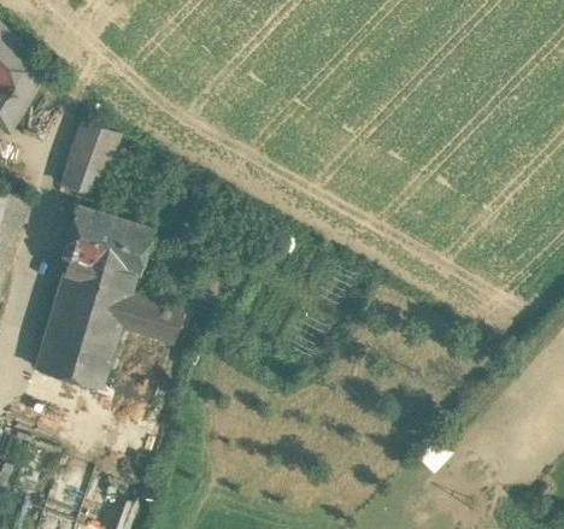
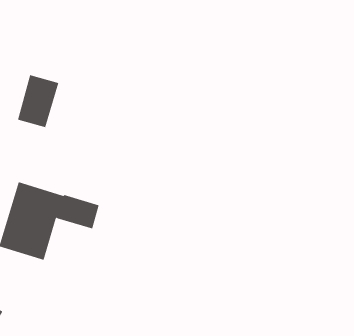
building: [61,207,151,295] -> none

